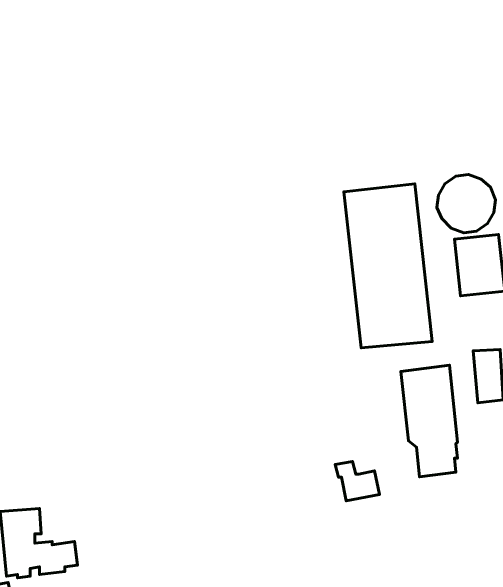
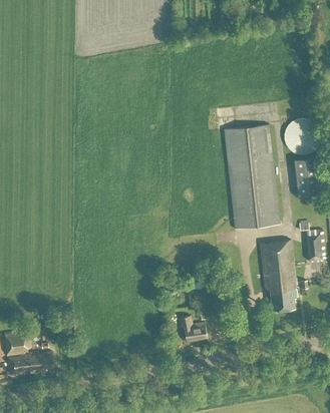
building: [335,461,379,501] -> [179,315,207,340]

